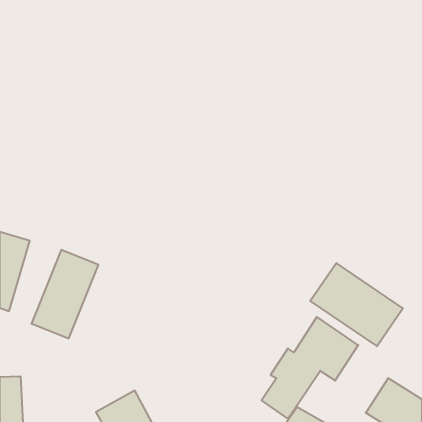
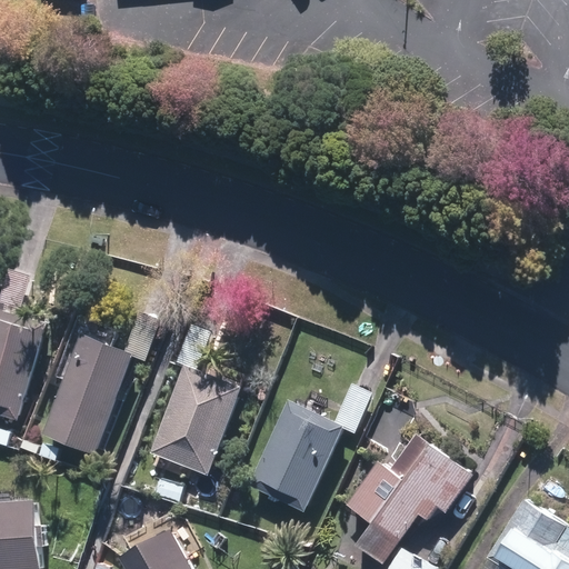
building: [310,263,403,346] -> none
building: none -> [150,370,238,471]
building: none -> [247,406,339,511]

